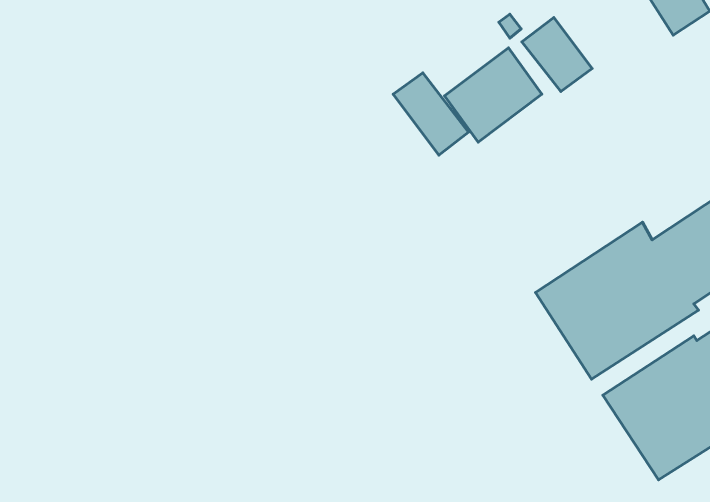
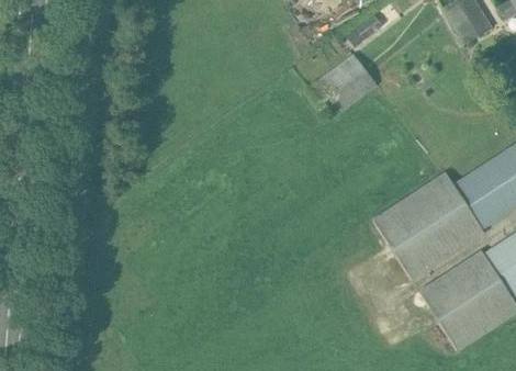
building: [522,17,592,92] -> none
building: [393,73,469,155] -> none

